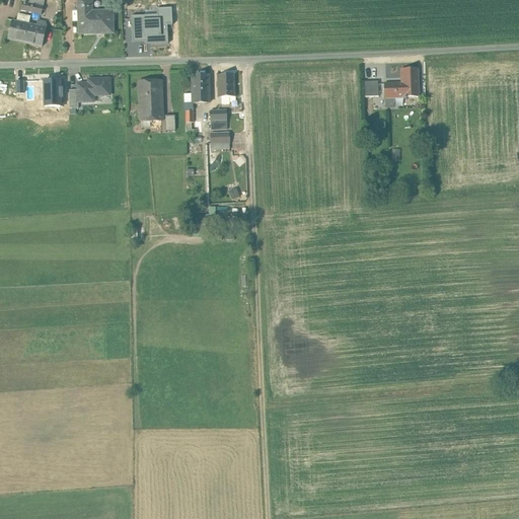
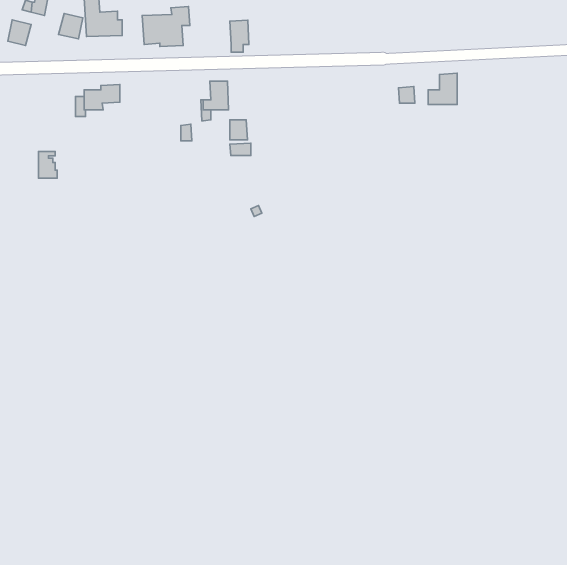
building: [23,22,46,46] -> [58,13,83,39]
building: [217,73,234,102] -> [230,20,249,52]
building: [46,79,63,103] -> [38,151,57,178]
building: [139,79,161,120] -> none

